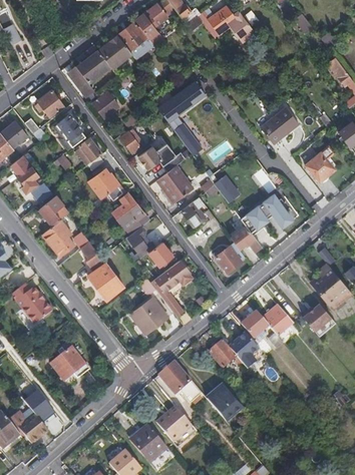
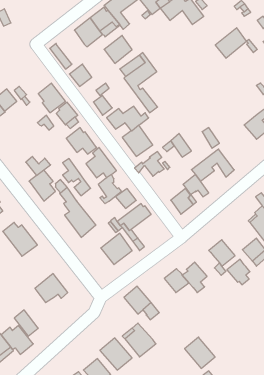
building: [75,49,109,83] -> [104,35,132,63]
building: [37,89,63,116] -> none
building: [260,106,298,143] -> [215,28,247,58]
building: [17,156,51,201] -> [63,159,91,196]
building: [240,310,268,341] -> [227,259,250,285]
building: [206,383,243,421] -> [185,337,215,368]

